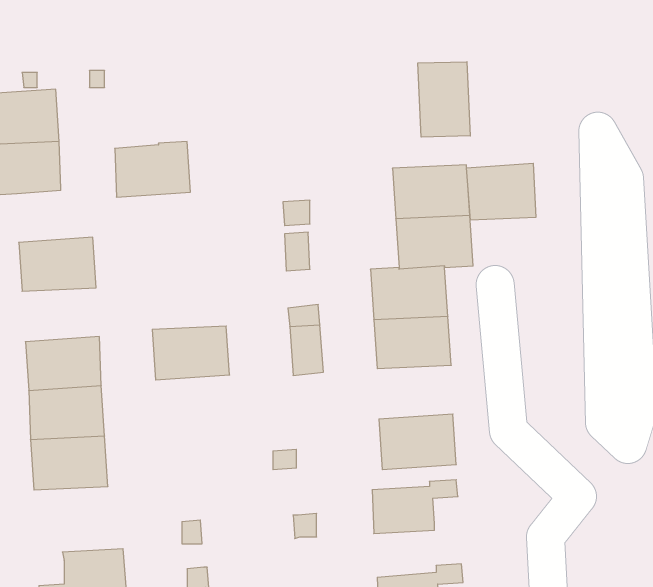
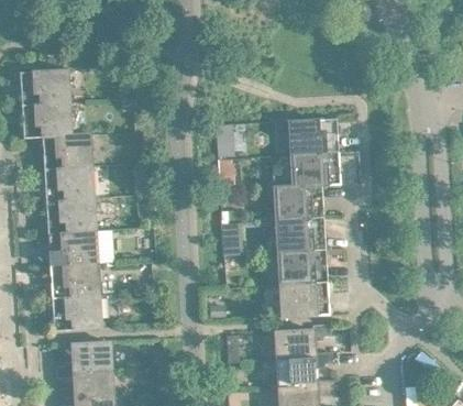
building: [418,62,470,137] -> none
building: [115,142,190,197] -> [43,132,92,168]
building: [467,163,536,220] -> none
building: [152,326,230,380] -> [46,198,97,233]
building: none -> [278,249,328,284]
building: none -> [56,340,112,376]
building: none -> [276,351,333,387]

